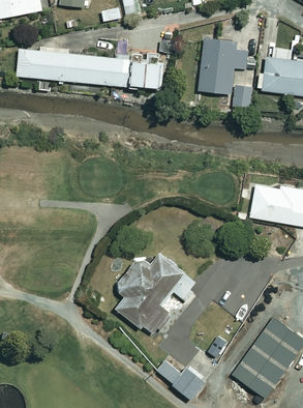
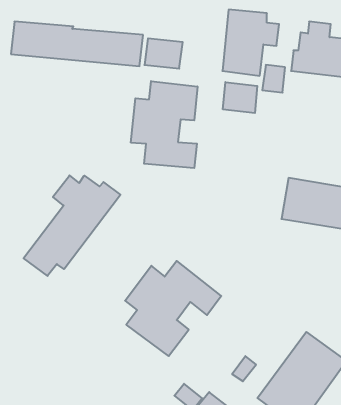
building: none -> [131,81,197,168]
building: none -> [223,82,257,113]
building: none -> [24,175,120,276]

